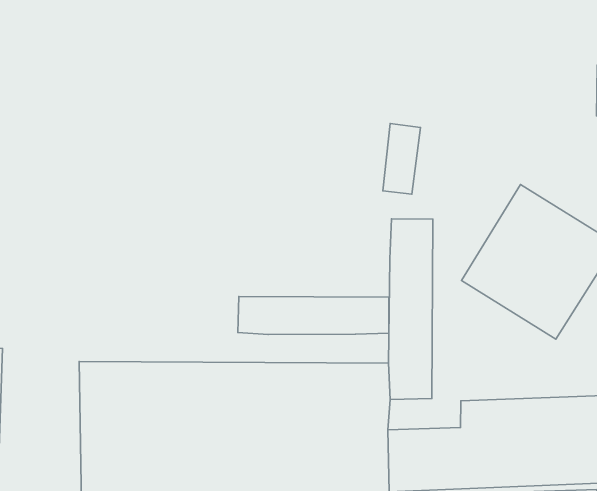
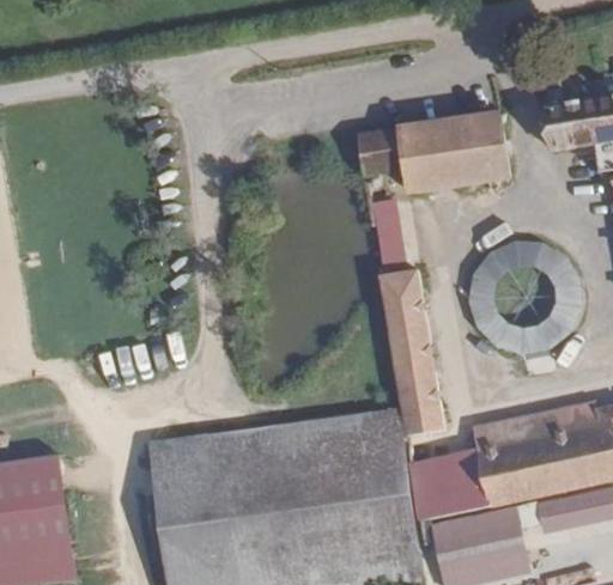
building: none -> [359,116,512,194]
building: [238,296,389,335] -> none

